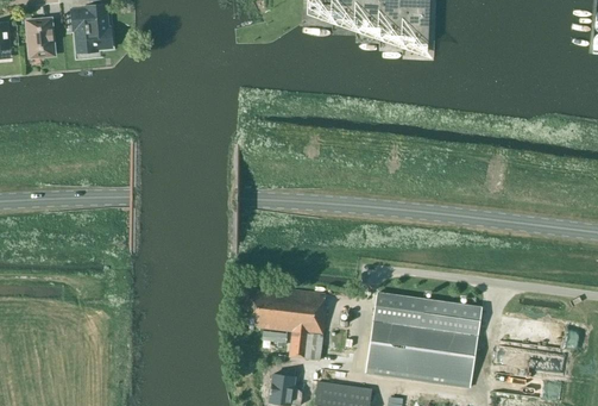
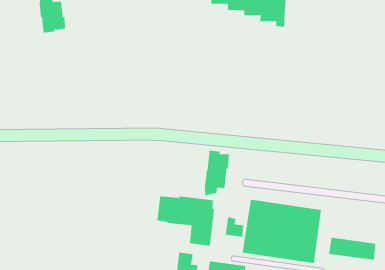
building: [27,19,53,56] -> none
building: none -> [204,150,229,196]
building: none -> [225,217,244,238]

